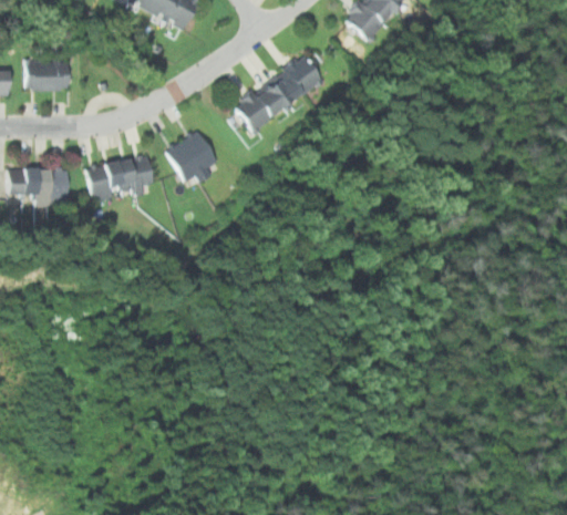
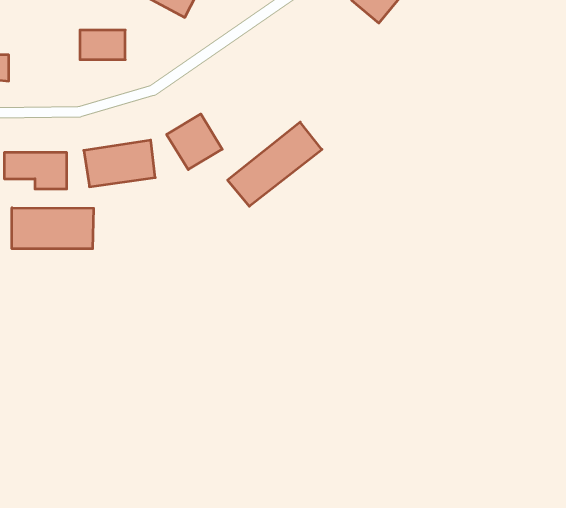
building: [230,51,322,133] -> [228,122,322,206]
building: [24,62,69,91] -> [80,30,125,60]
building: none -> [12,208,94,249]

